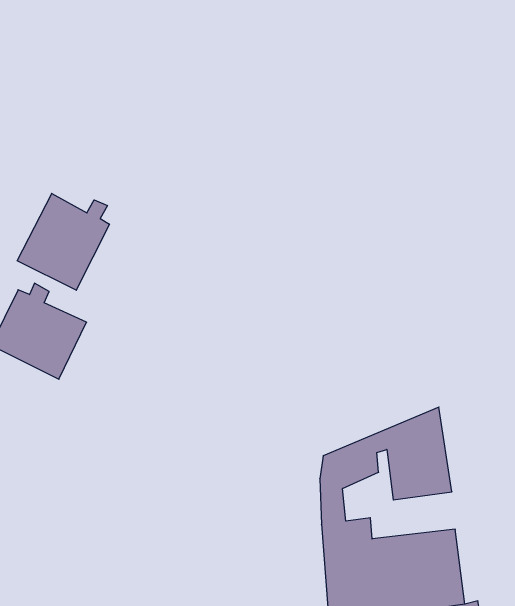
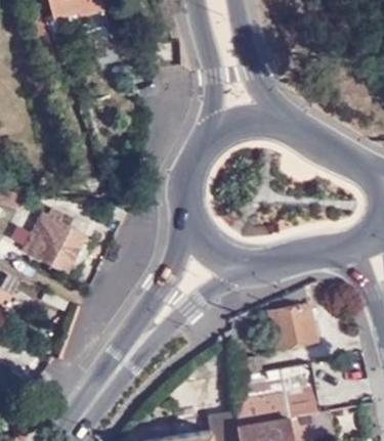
building: [17,193,109,290] -> none

